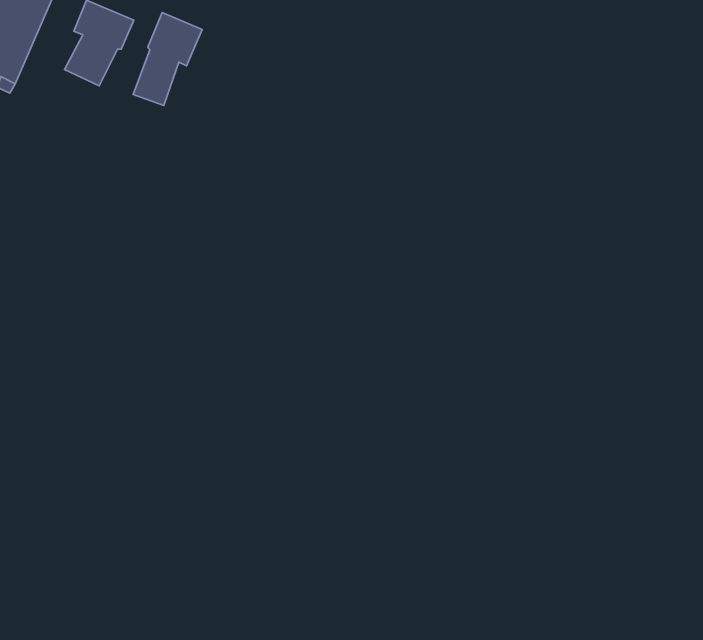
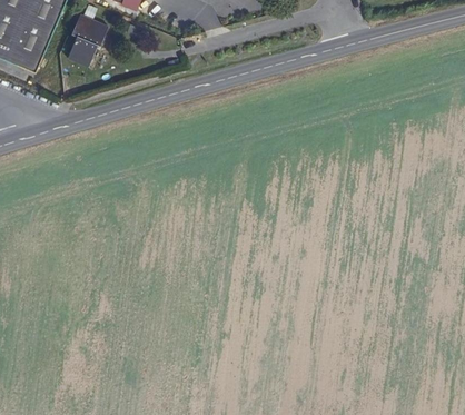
building: [133,13,202,105] -> none

